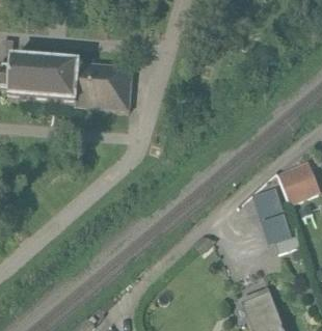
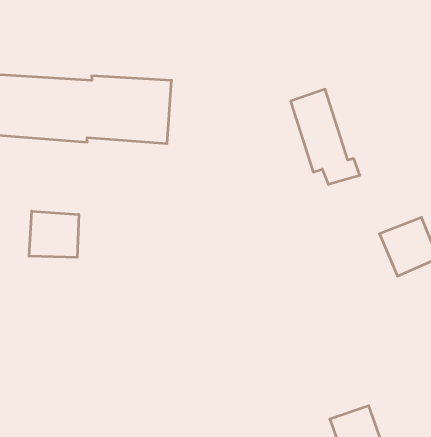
building: none -> [29,211,79,257]
building: [252,184,300,249] -> [291,89,360,184]

